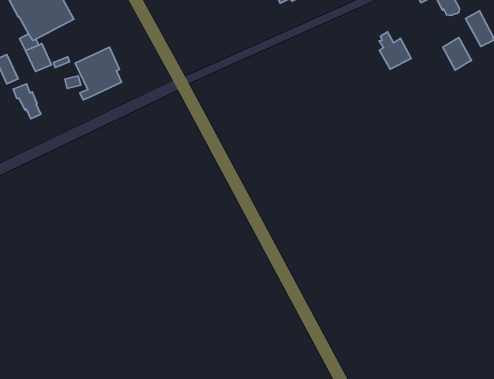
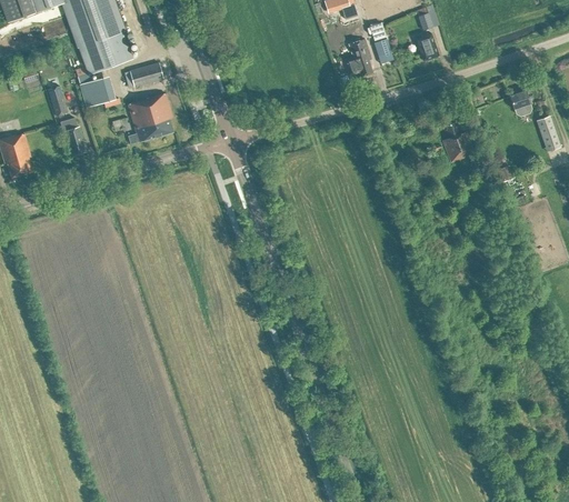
building: none -> [129,62,163,87]
building: [443,38,471,70] -> none

